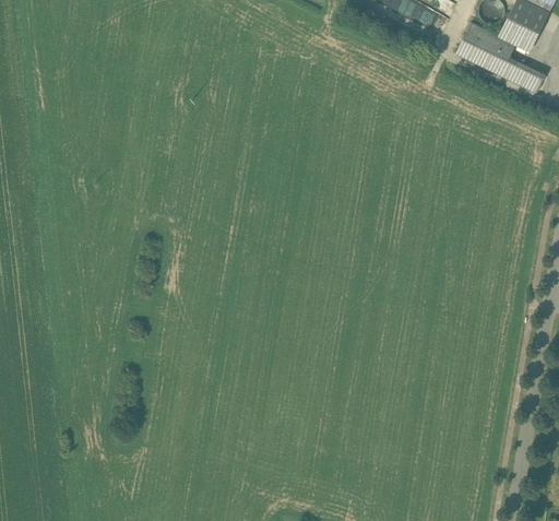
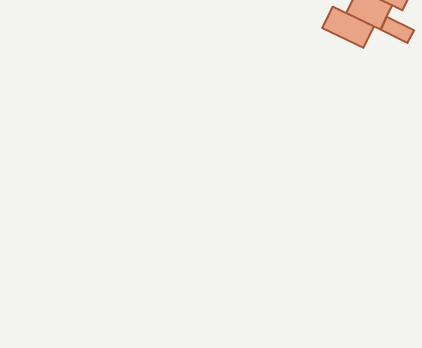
building: none -> [322,7,374,48]

